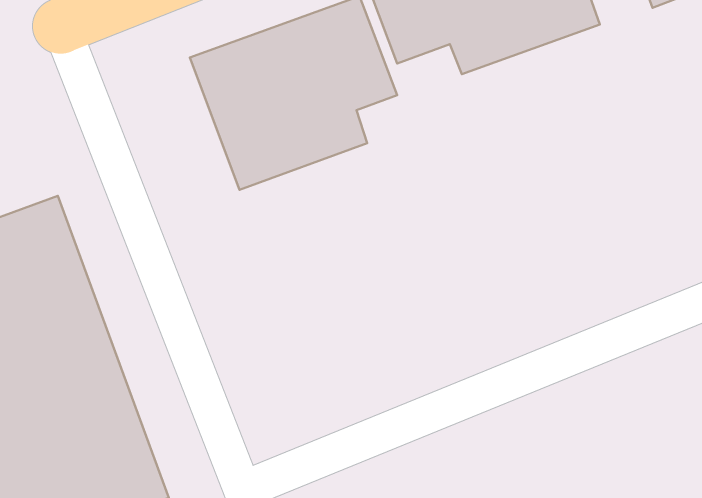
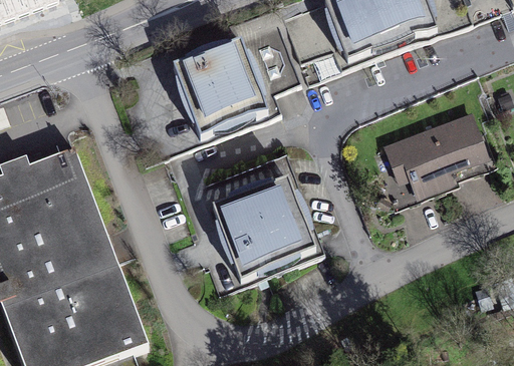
building: none -> [381,111,495,197]
building: none -> [205,151,324,282]

